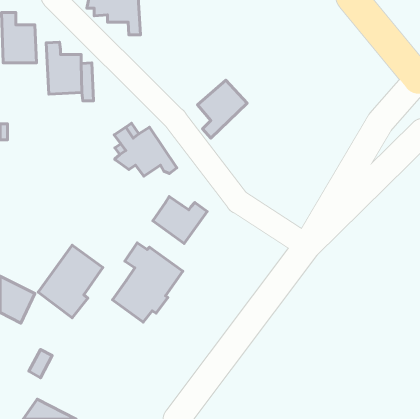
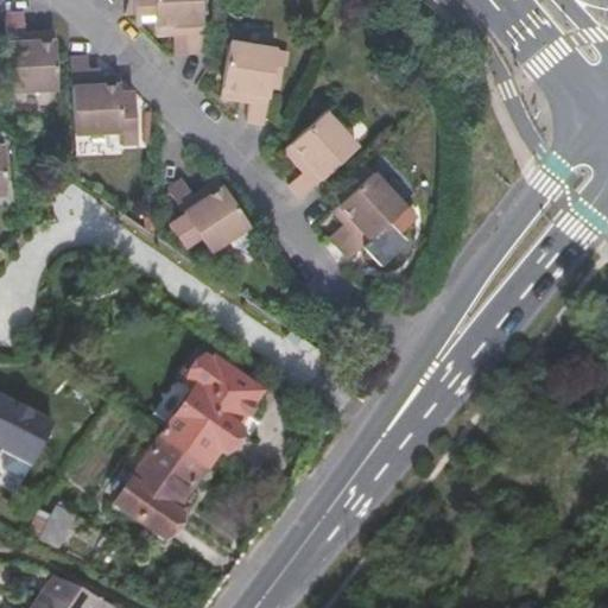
building: none -> [228,43,280,122]
building: none -> [332,162,407,264]
building: [153,197,207,243] -> none
building: [38,245,103,318] -> [116,431,209,536]

